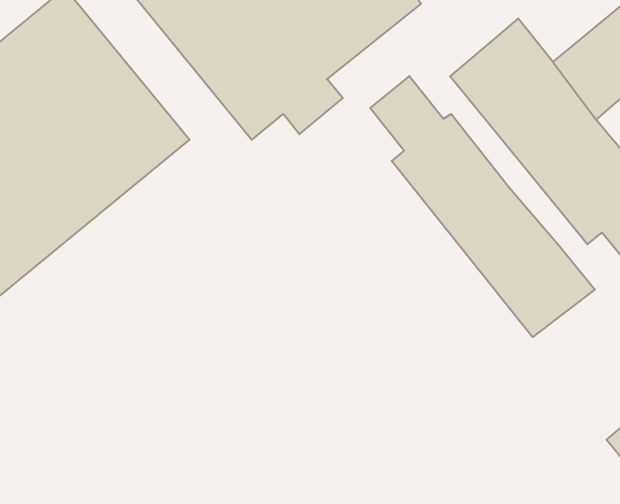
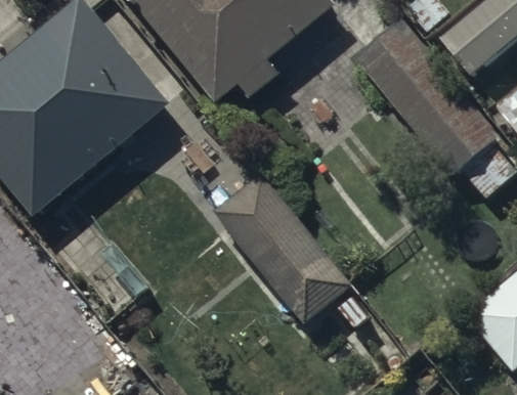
building: [370,76,595,337] -> none
building: none -> [214,175,352,325]

